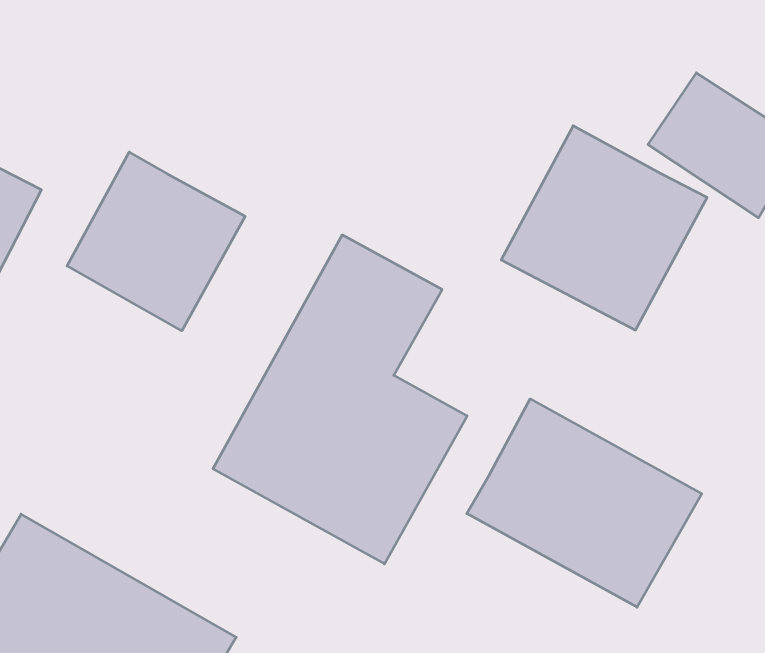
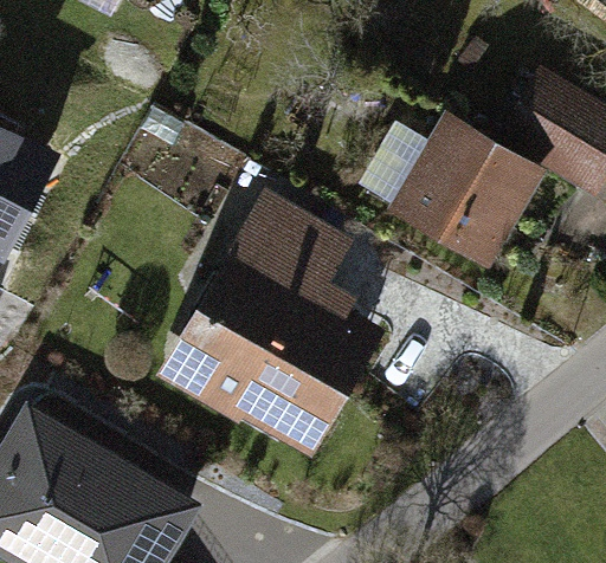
building: [67,152,245,331] -> none
building: [467,399,702,607] -> none

